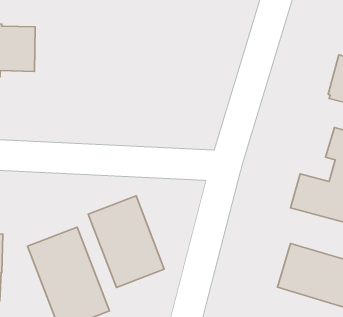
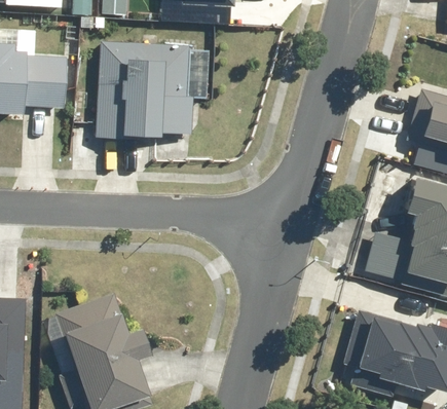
building: none -> [96,42,193,138]
building: [88,196,164,288] -> none

